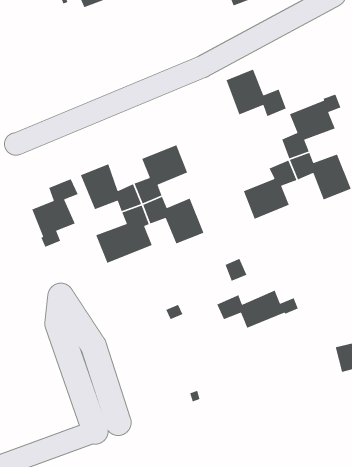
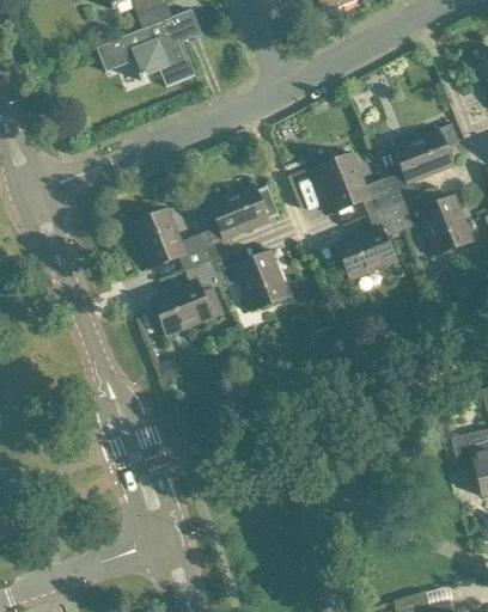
building: none -> [99,13,199,86]
building: [226,69,287,117] -> [319,153,396,214]
building: [25,178,79,248] -> none
building: [216,290,299,333] -> none

